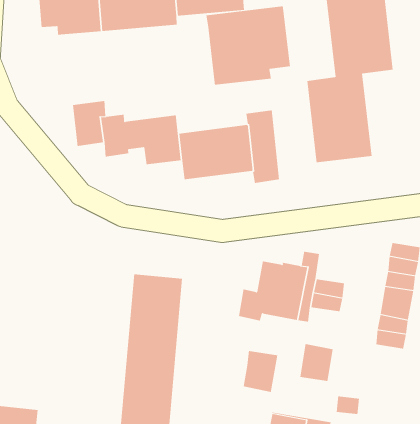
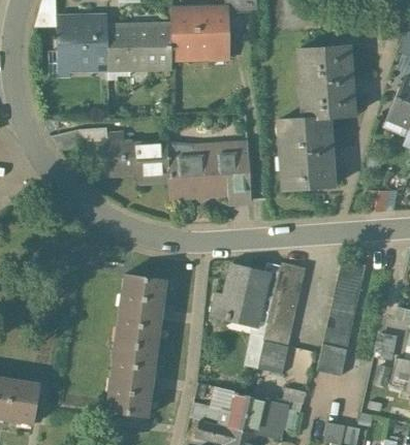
building: [206,6,290,86] -> none
building: none -> [277,261,306,291]
building: none -> [317,344,347,375]
building: [243,351,278,392] -> [264,310,295,346]

